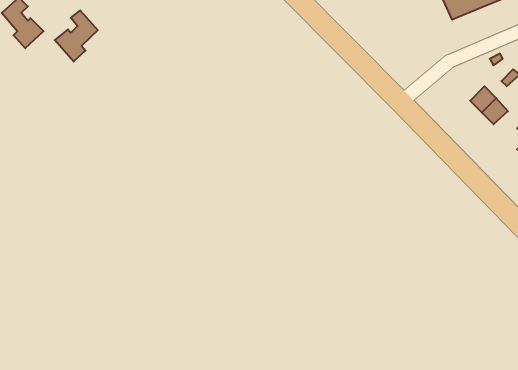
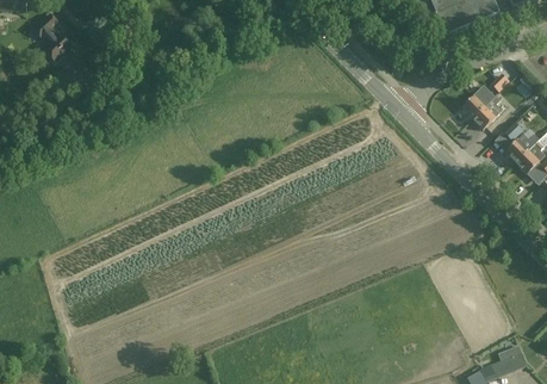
building: [55,10,98,62] -> none

